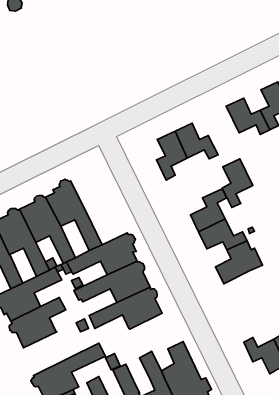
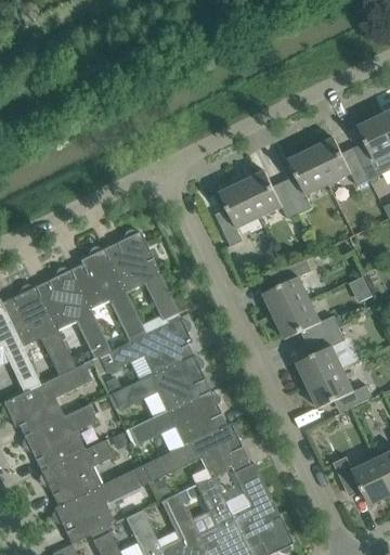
building: [222,159,253,207] -> [288,149,329,214]
building: none -> [104,230,179,320]
building: none -> [309,369,373,410]
building: none -> [142,423,250,482]
building: none -> [39,439,114,508]

